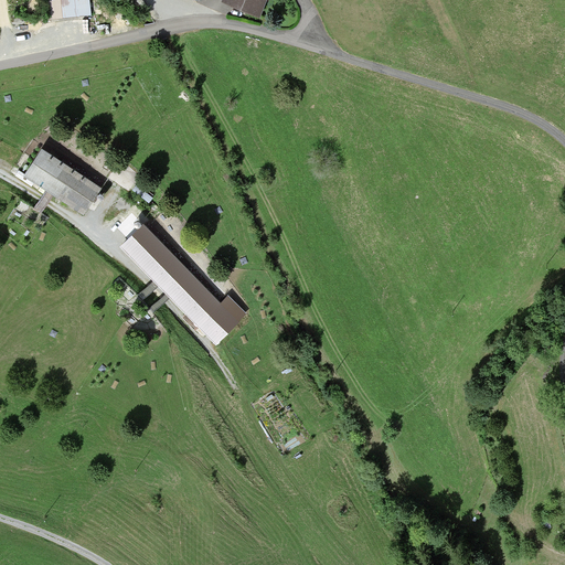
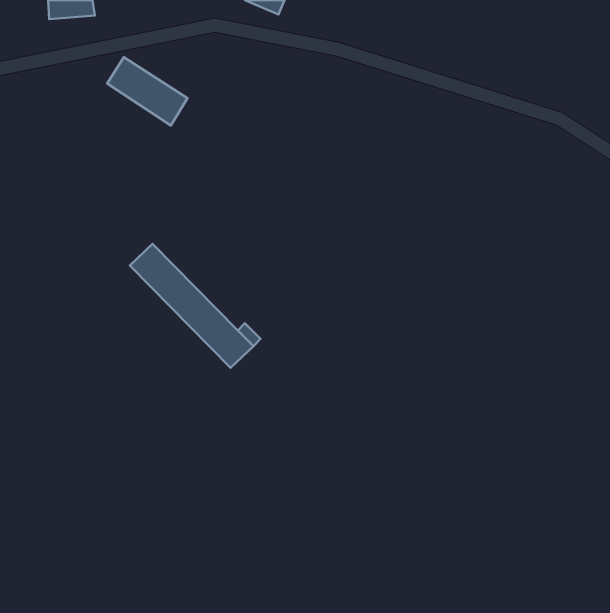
building: [25,149,99,212] -> [107,57,188,126]

